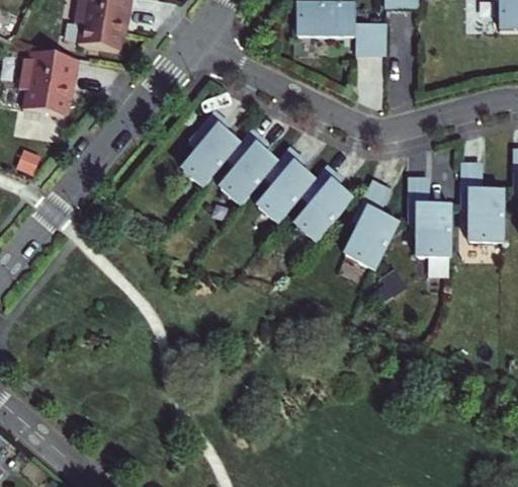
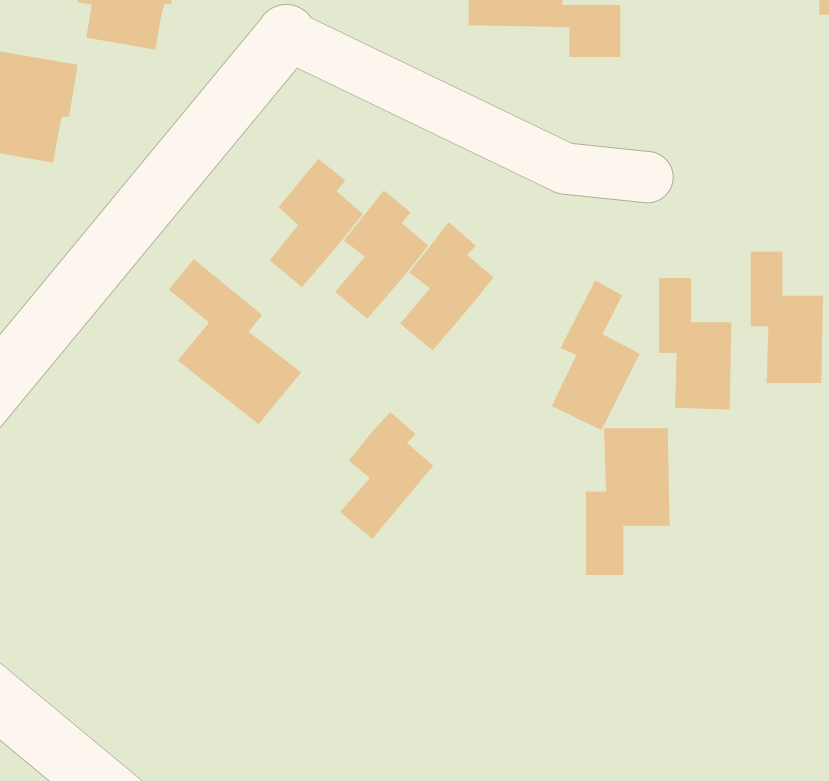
building: [296,167,351,241] -> [339,411,434,540]
building: none -> [168,258,302,425]
building: none -> [585,427,670,576]

